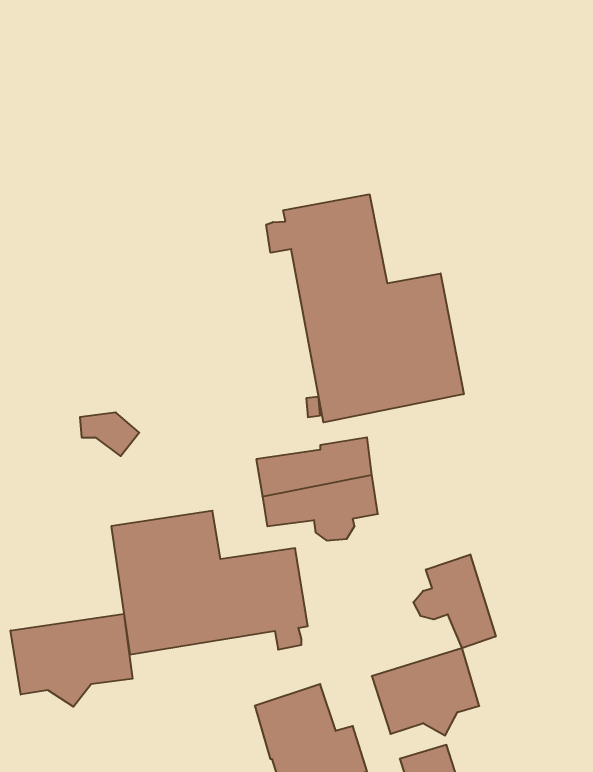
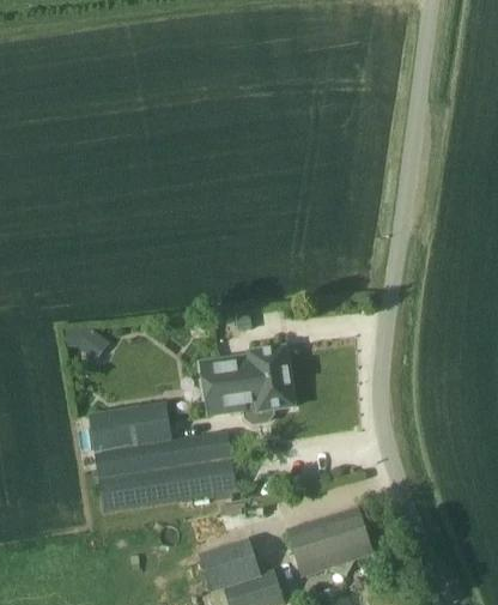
building: [266,194,464,422] -> none
building: [413,554,496,648] -> none
building: [11,614,133,707] -> none

